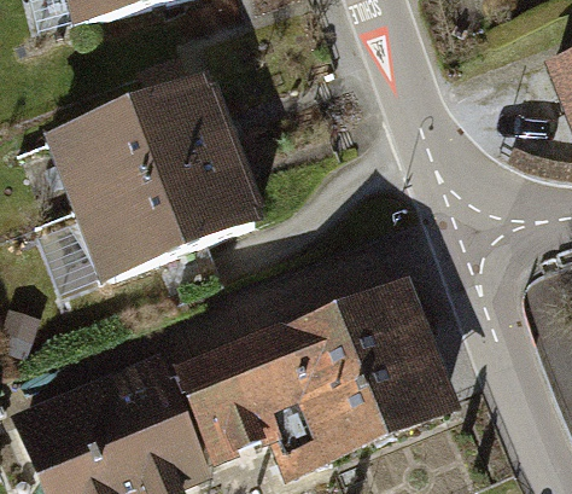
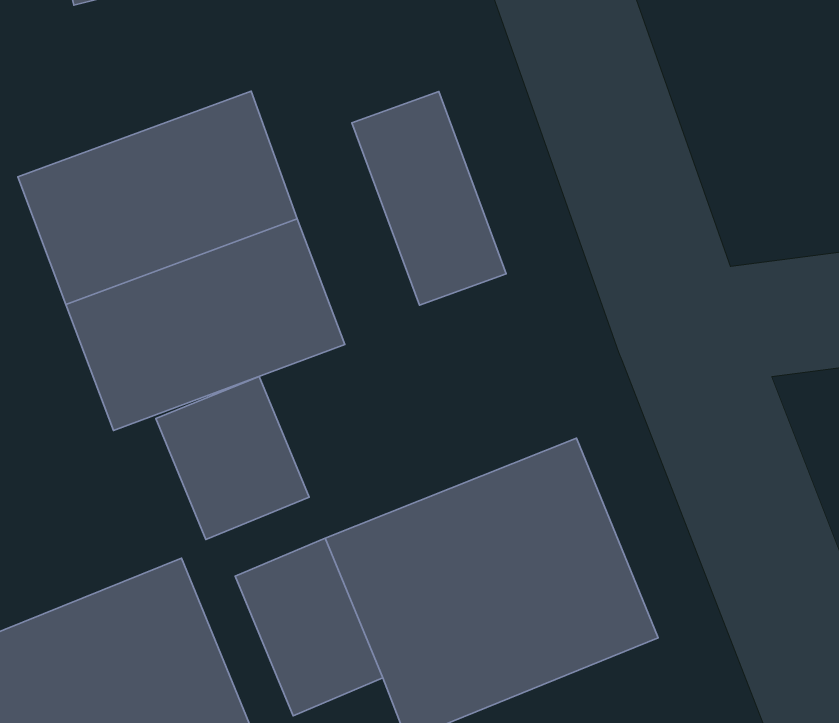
building: none -> [352,91,506,305]
building: none -> [156,376,309,540]

